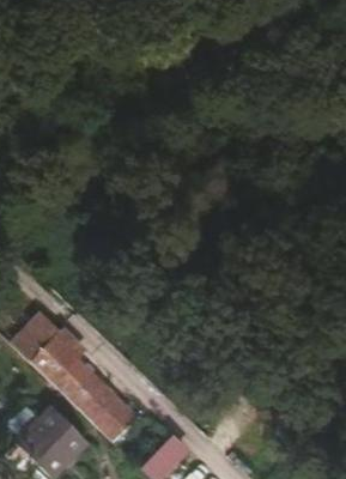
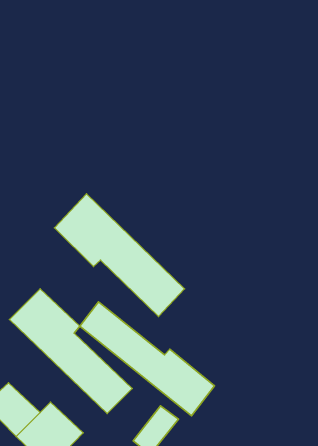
building: none -> [55,194,185,316]
building: none -> [80,302,215,416]

